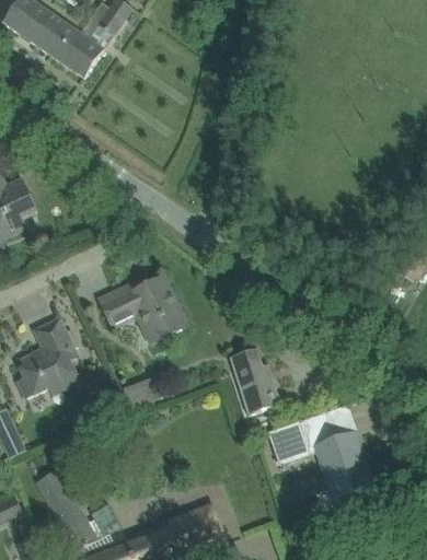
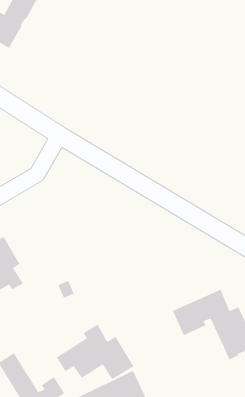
building: [99,276,186,342] -> none
building: [229,348,280,415] -> none
building: none -> [56,323,135,380]

